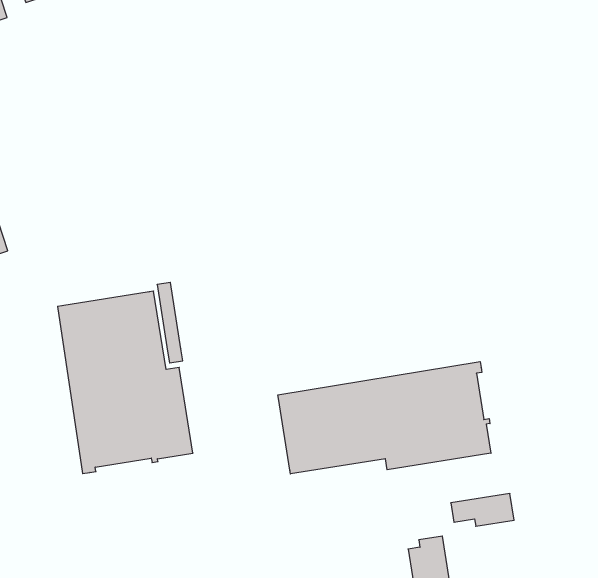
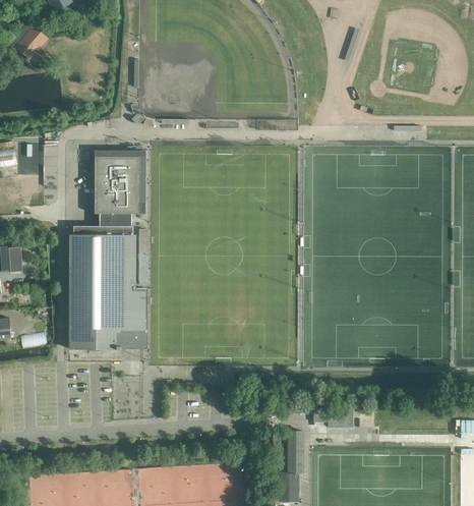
building: none -> [73,151,146,234]
building: [278,362,491,474] -> none

